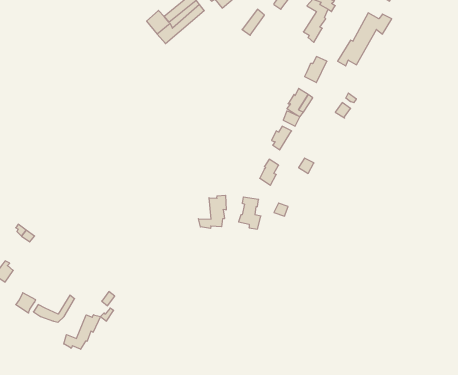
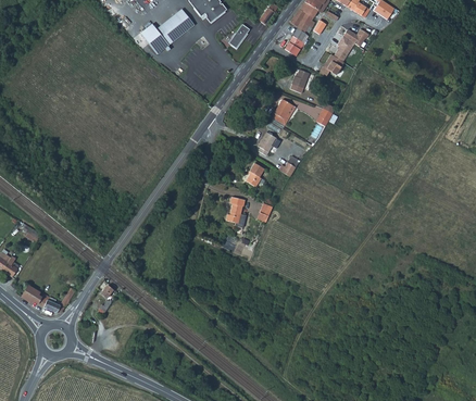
building: [198,195,226,228] -> none
building: [64,315,101,349] -> none

